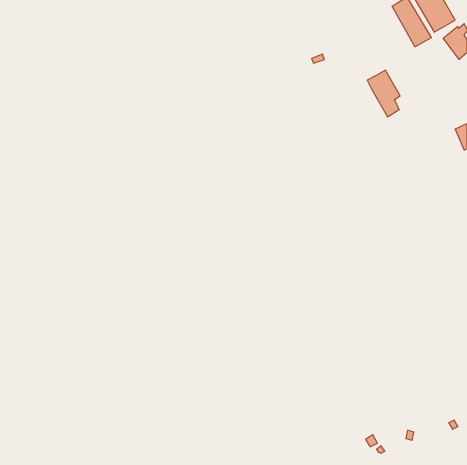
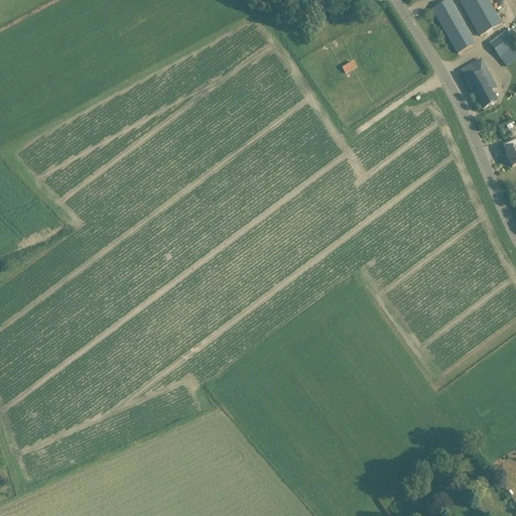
building: [367,70,400,117] -> [461,57,497,109]

